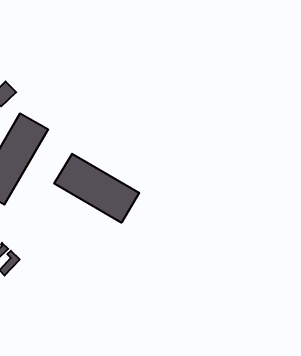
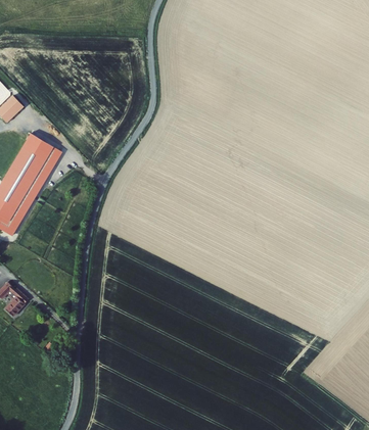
building: [54,154,139,223] -> none

